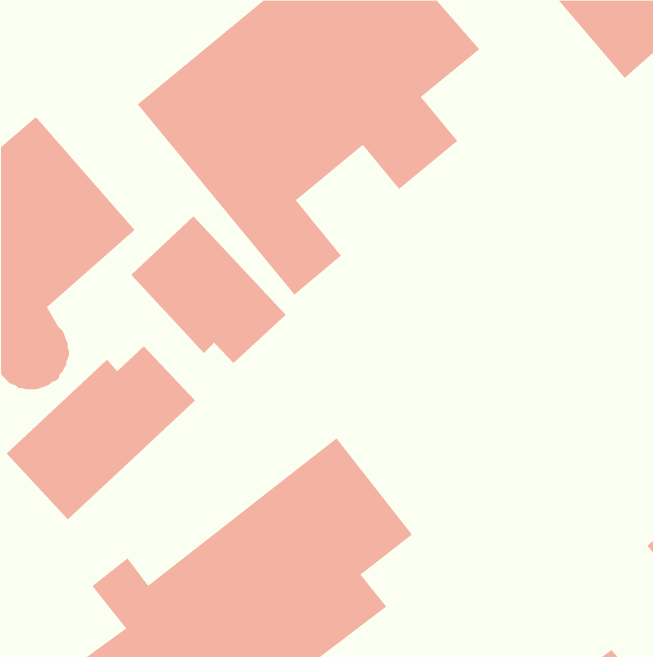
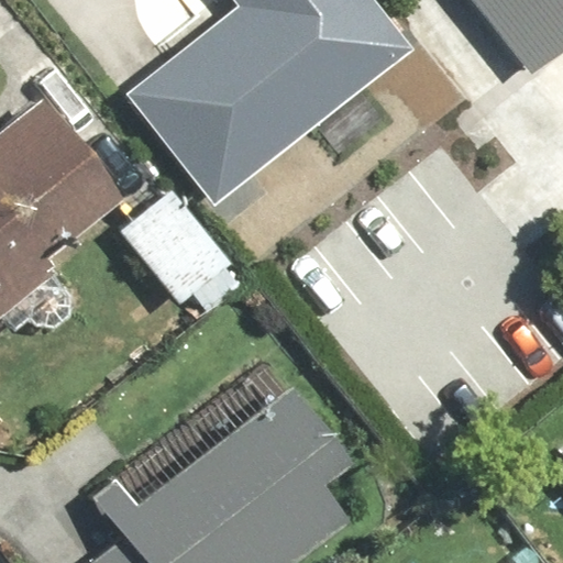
building: [6,345,196,520] -> none

